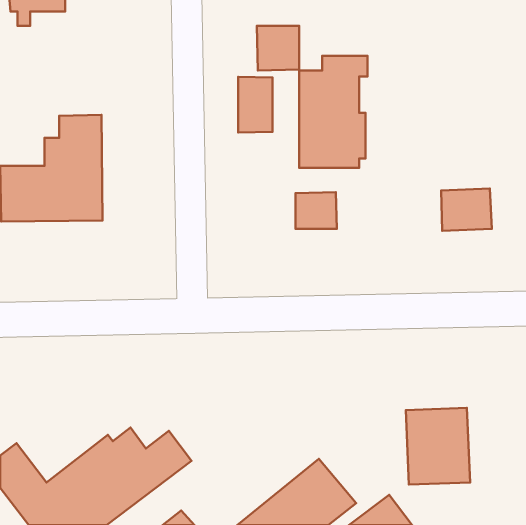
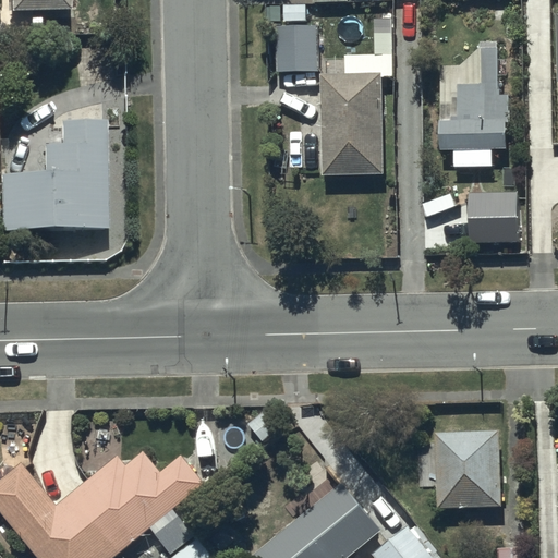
building: none -> [433,47,508,165]
building: [238,77,272,133] -> none
building: [295,192,337,229] -> none

